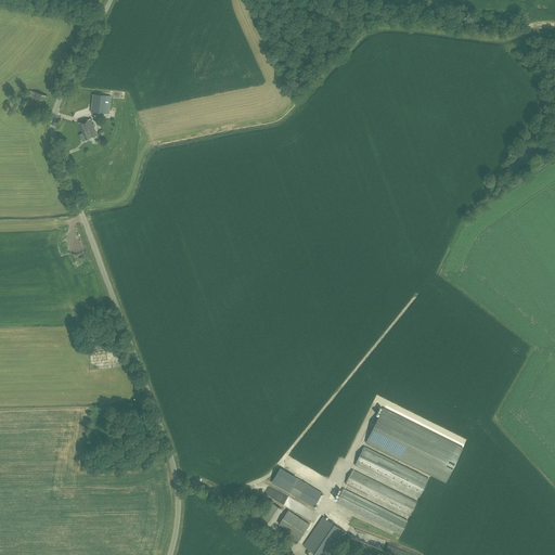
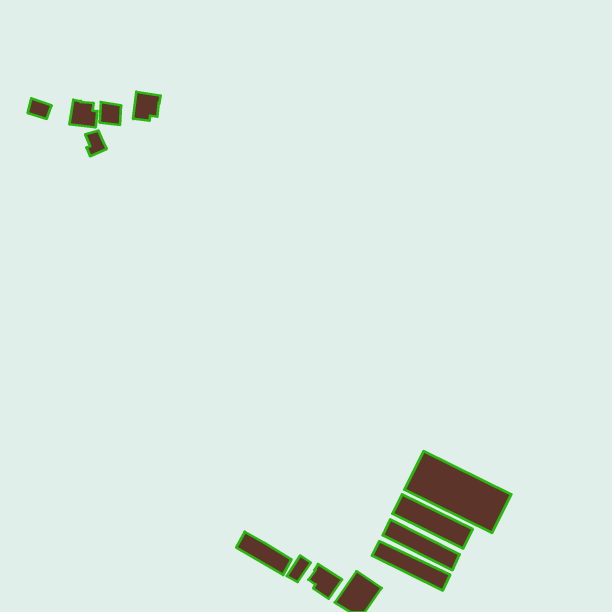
building: none -> [133,92,161,121]
building: none -> [70,100,97,127]
building: [271,467,321,506] -> [236,532,291,575]

